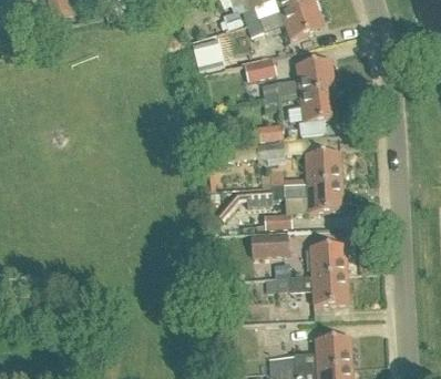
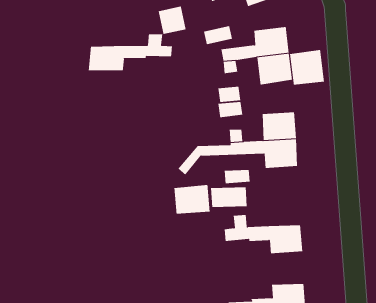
building: none -> [88,34,173,71]
building: none -> [290,49,325,86]
building: none -> [174,184,210,215]
building: [310,244,347,275] -> none

